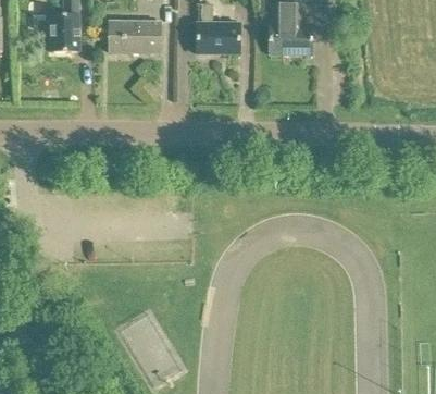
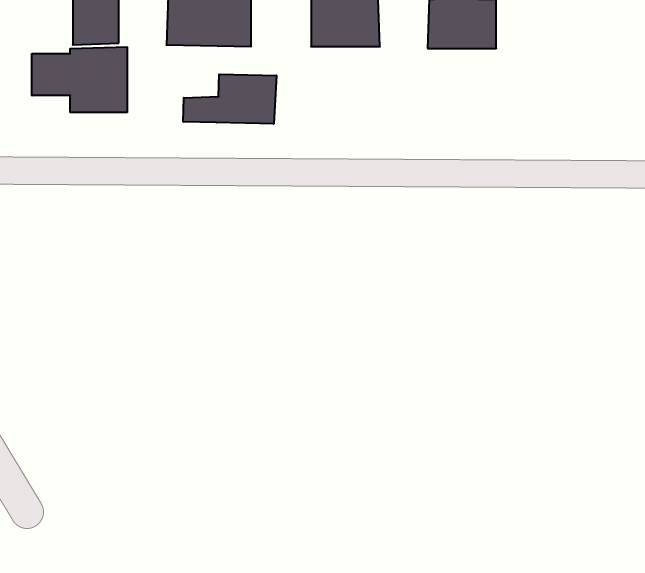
building: none -> [32,47,127,112]
building: none -> [183,74,276,124]

